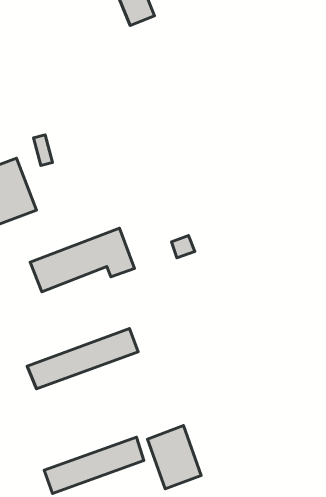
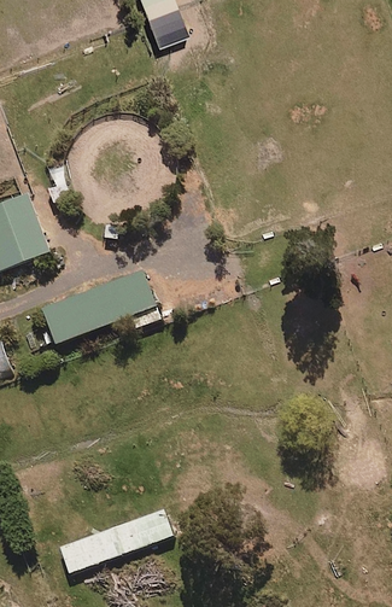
building: [27,328,138,389] -> none
building: [148,426,201,489] -> none

